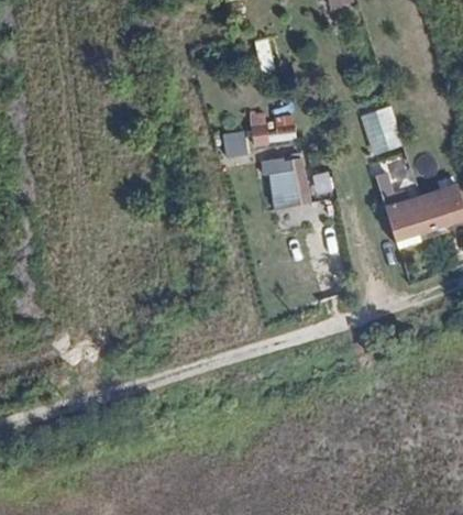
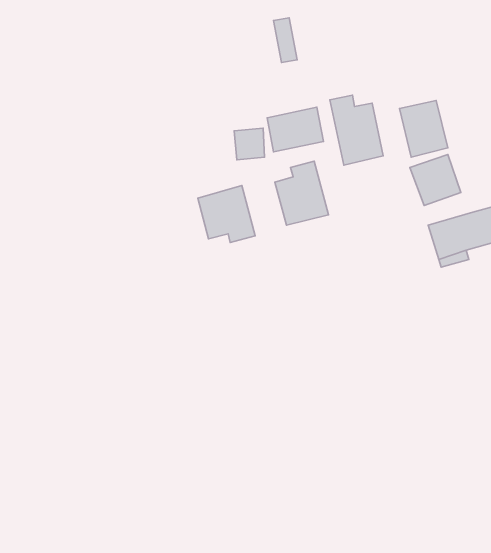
building: none -> [330,95,383,165]
building: none -> [198,186,255,242]

